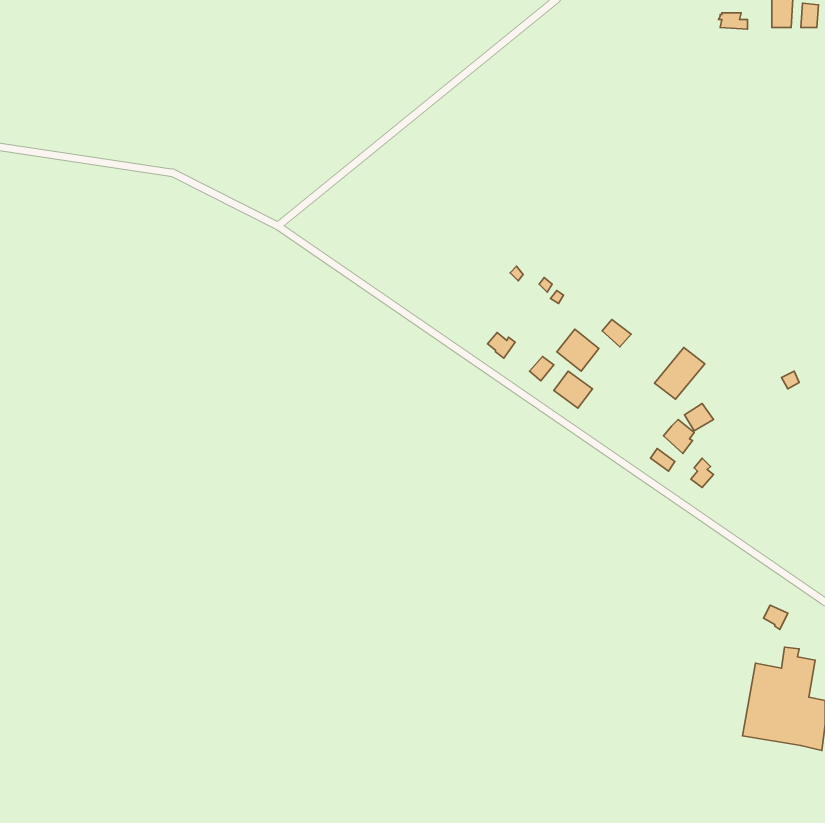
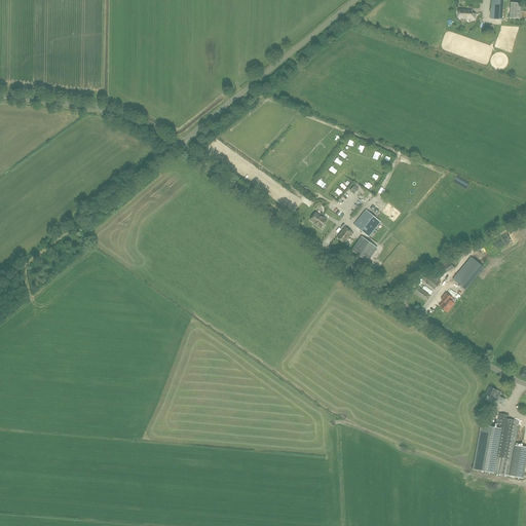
building: [655,348,705,399] -> [452,256,484,289]

